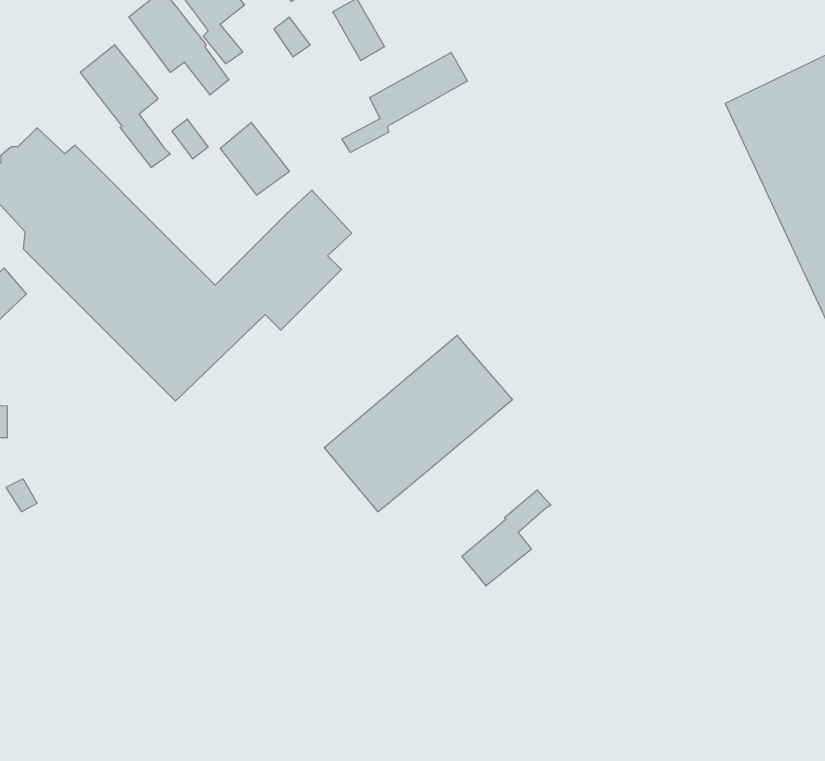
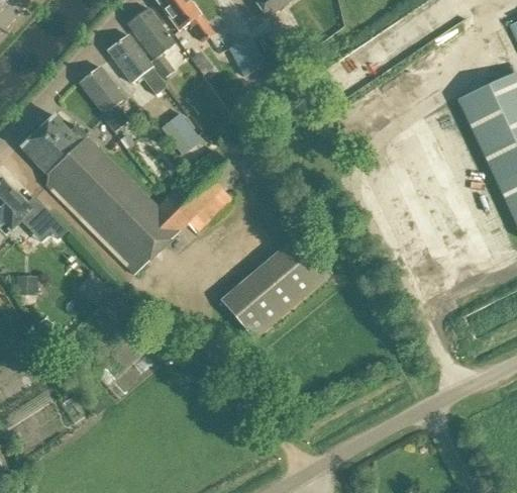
building: [342,52,467,152] -> none
building: [462,490,551,586] -> none

